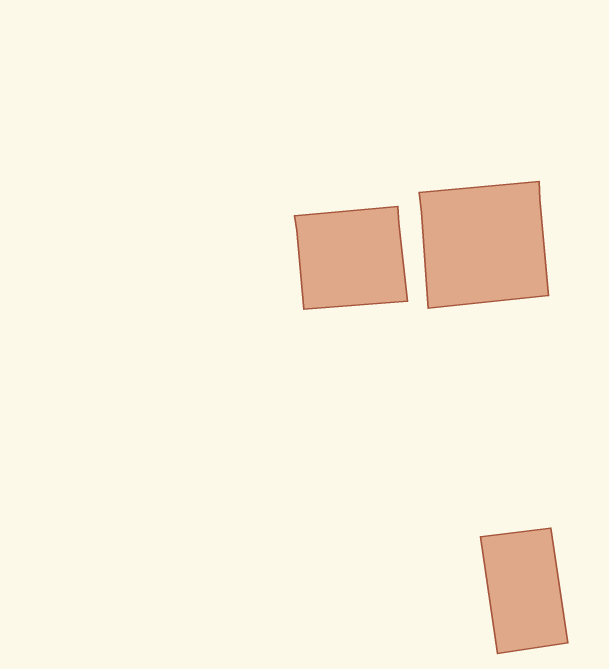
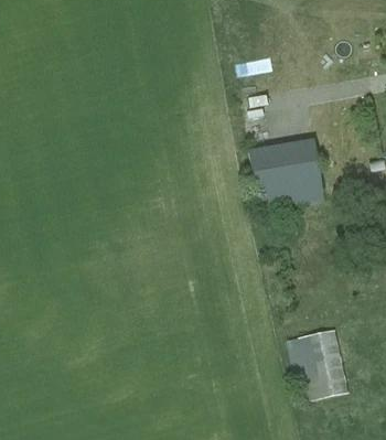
building: [295,207,408,309] -> none

